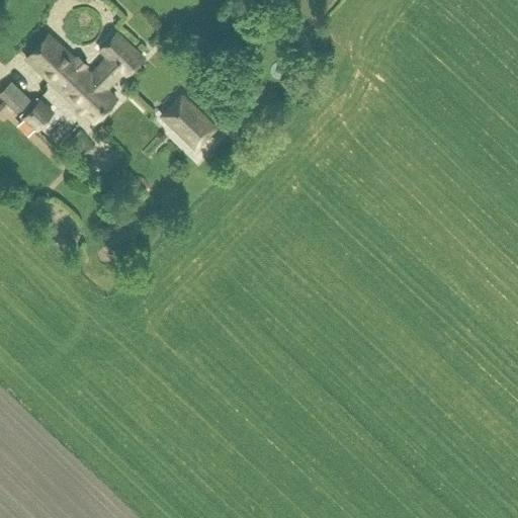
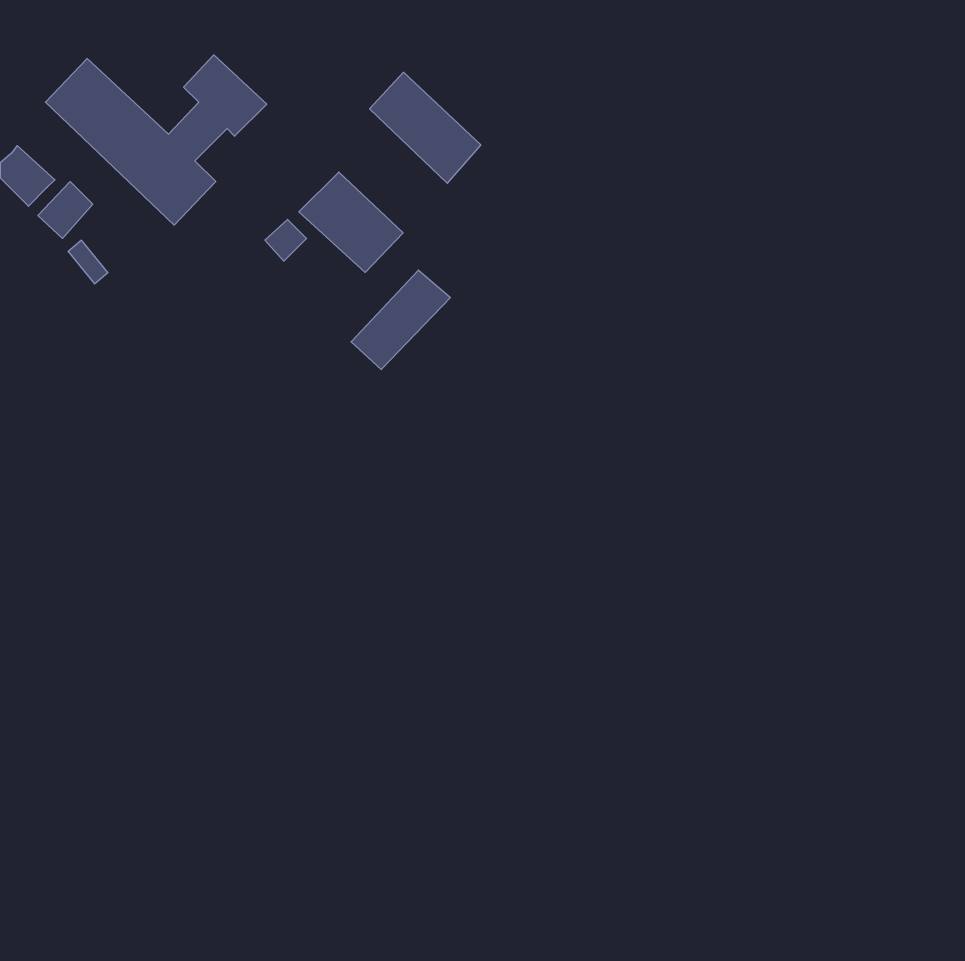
building: none -> [370,72,481,183]
building: none -> [351,270,450,370]

